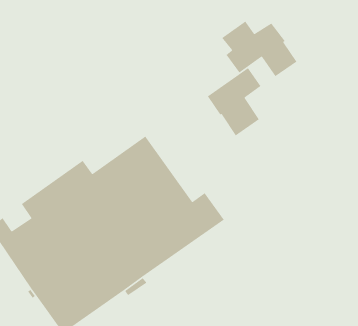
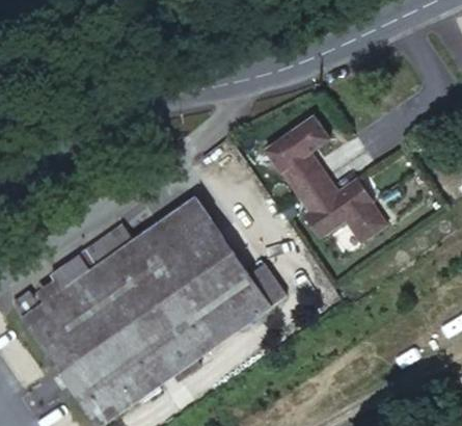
building: [221,21,298,77] -> [299,178,387,243]

